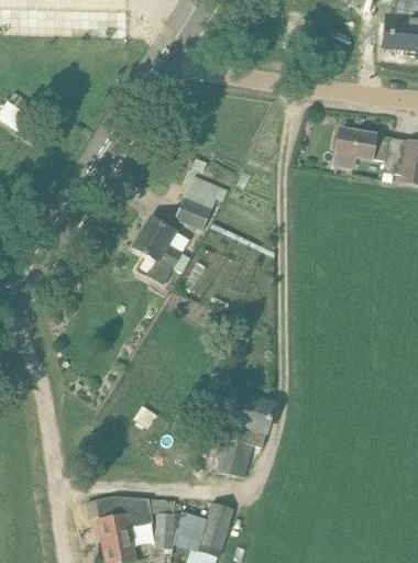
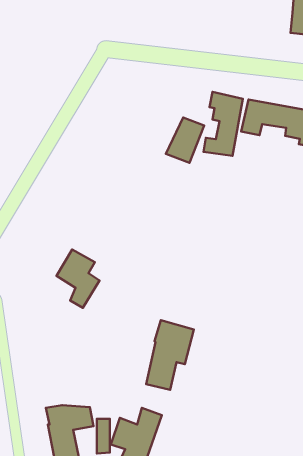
building: none -> [203,92,243,156]
building: [174,176,220,231] -> [166,117,204,163]
building: [131,216,183,286] -> [56,249,99,308]

